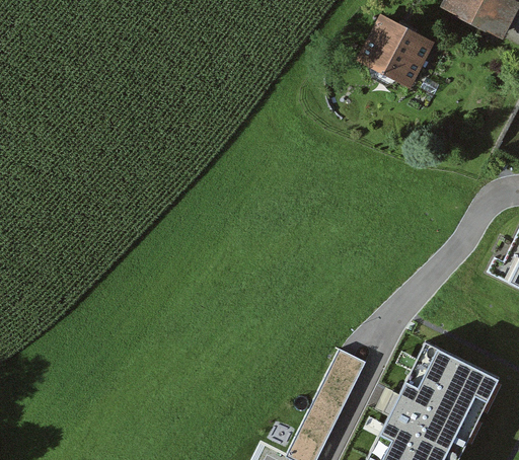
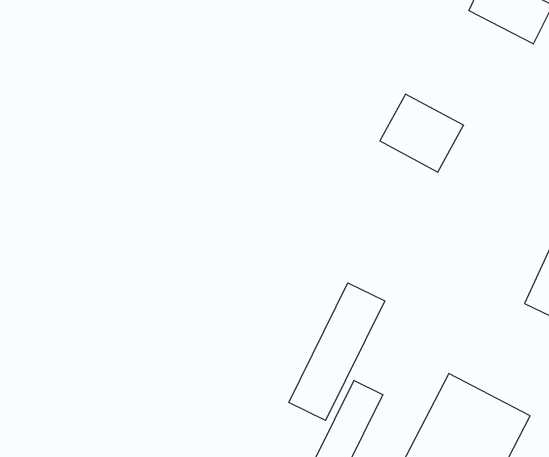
building: [360,17,436,88] -> [380,94,464,172]
building: none -> [289,283,385,420]

